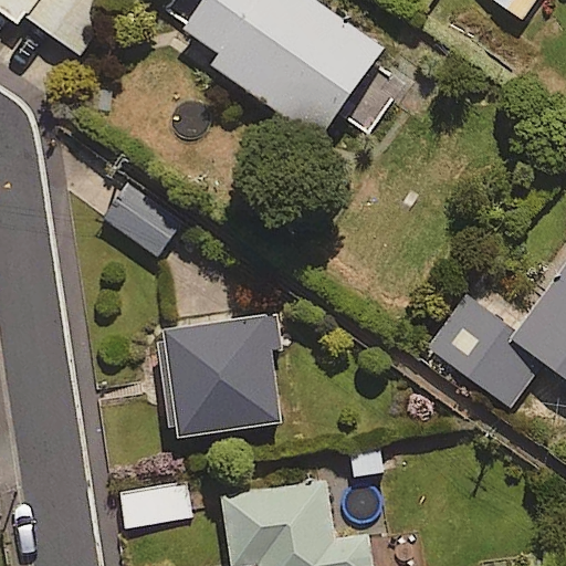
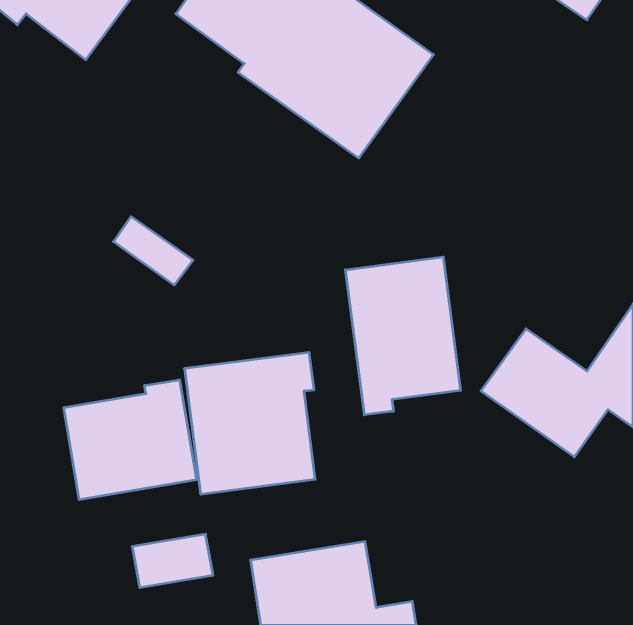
building: none -> [345,257,461,415]
building: none -> [64,380,196,500]

